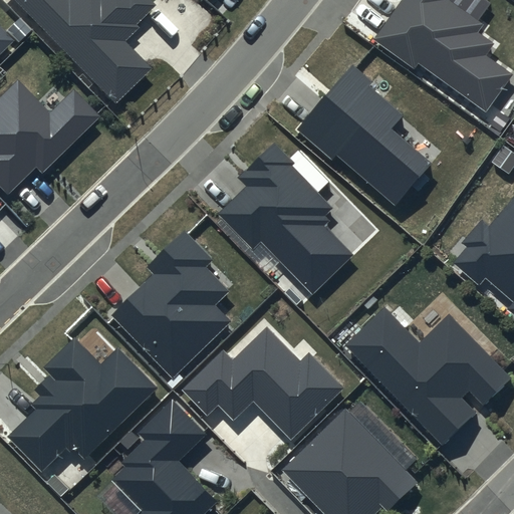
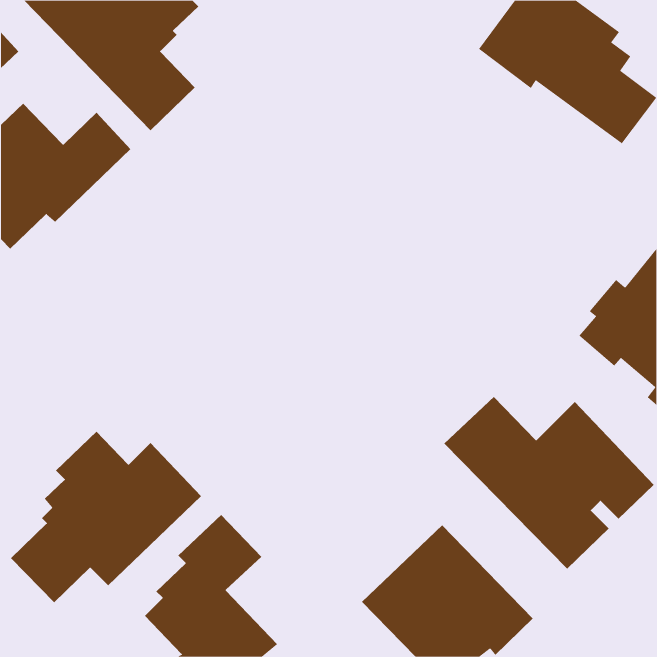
building: [297,64,432,204] -> none
building: [220,142,351,293] -> none
building: [112,231,232,377] -> none
building: [183,326,344,439] -> none

